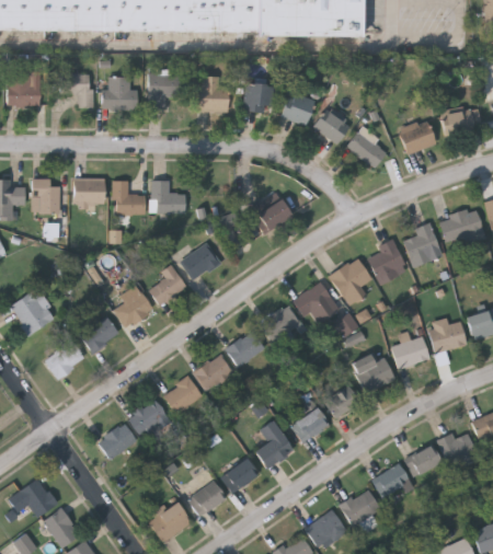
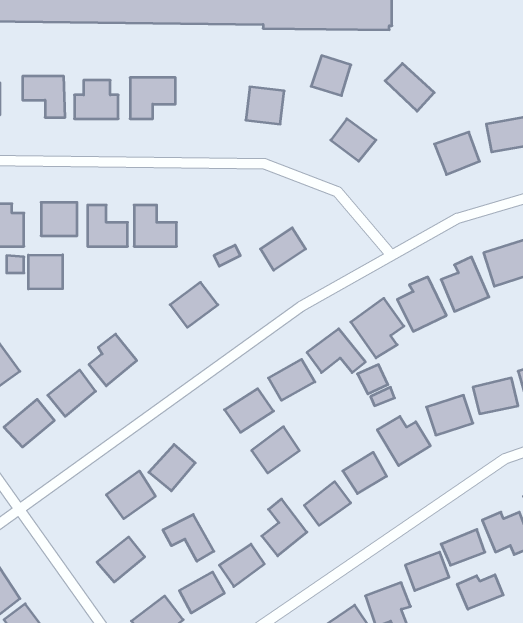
building: [198,78,228,112] -> none
building: [280,93,313,126] -> [311,56,351,96]
building: [346,131,387,171] -> [385,63,434,111]
building: none -> [28,255,63,289]
building: [148,266,186,307] -> none
building: [193,355,232,393] -> [252,427,299,473]
building: [96,424,136,461] -> [97,537,145,582]
building: none -> [163,514,214,561]
building: none -> [457,575,503,609]

